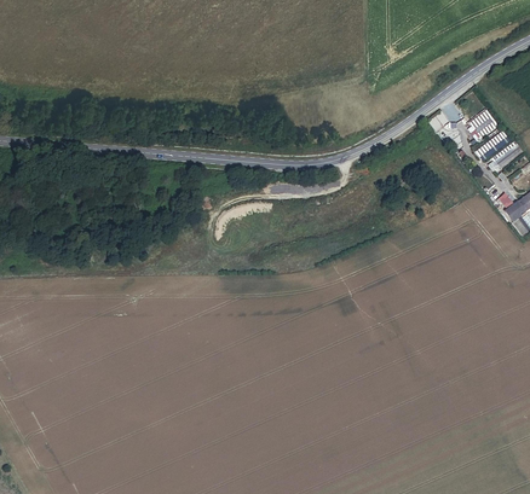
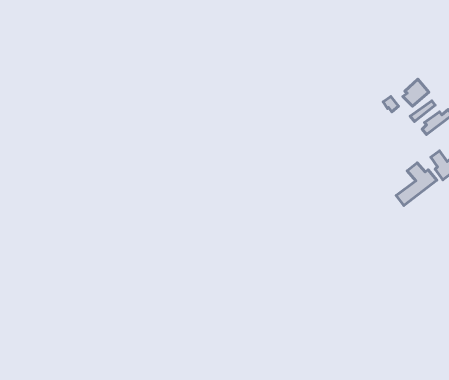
building: none -> [396,163,437,205]

